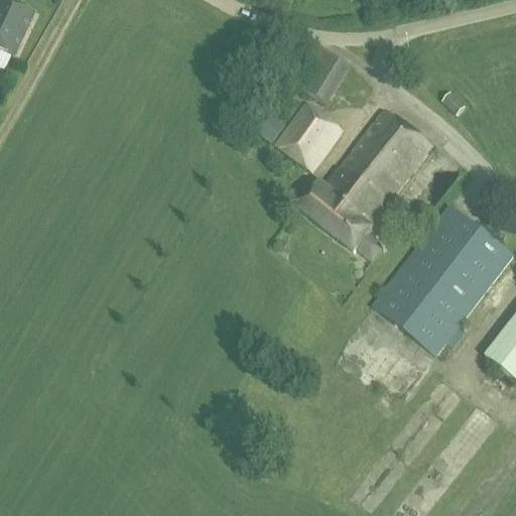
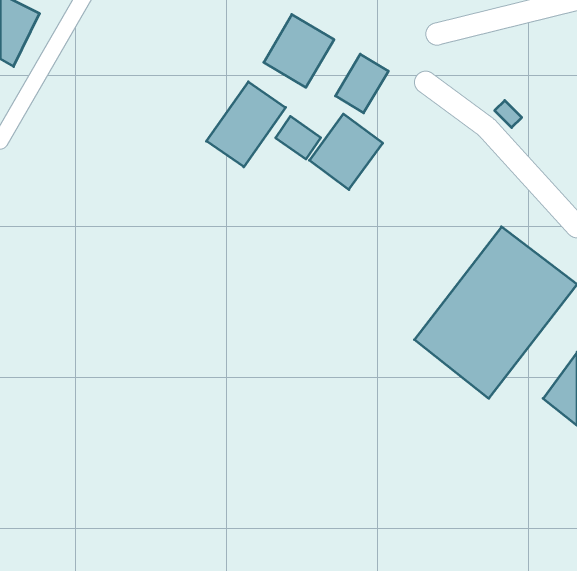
building: none -> [264,14,334,87]
building: none -> [206,82,286,167]
building: [299,110,432,260] -> none

